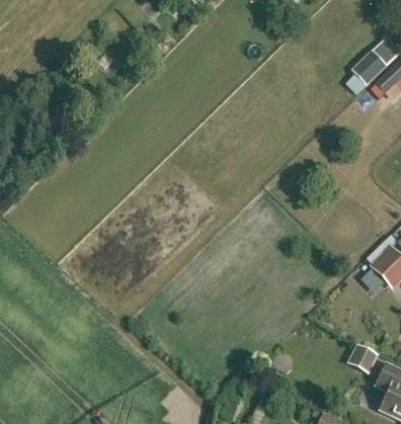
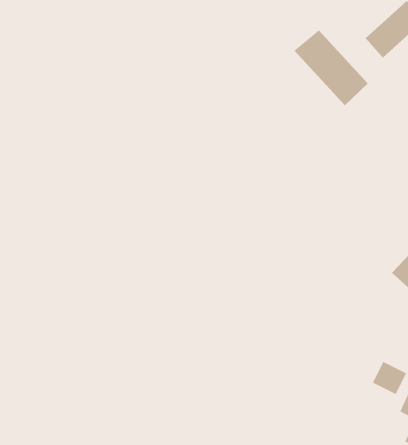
building: none -> [294,29,368,106]

